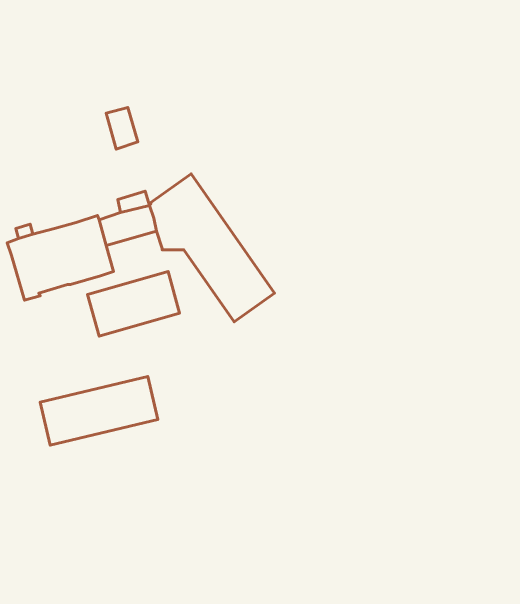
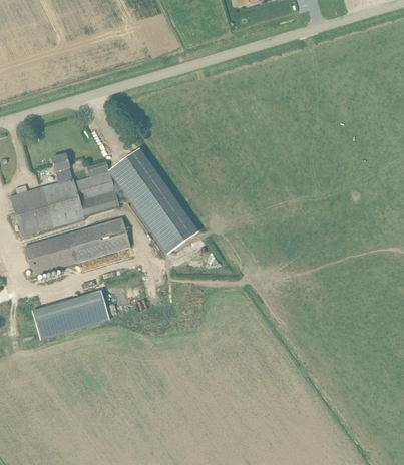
building: [106,108,138,149] -> [51,153,73,182]
building: none -> [79,188,119,216]
building: none -> [24,233,74,274]

